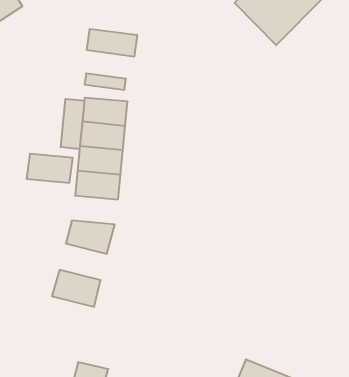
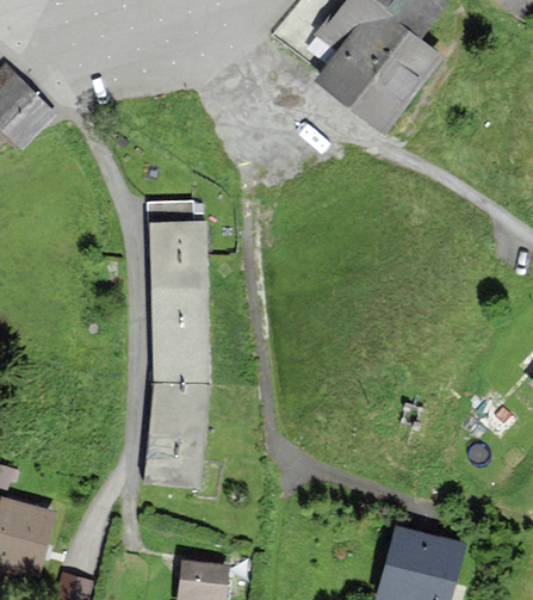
building: [87,29,137,57] -> none
building: [61,99,84,149] -> none
building: [26,154,73,183] -> [154,348,209,383]
building: none -> [147,413,204,453]

